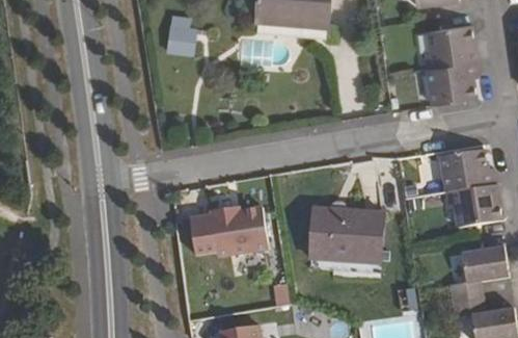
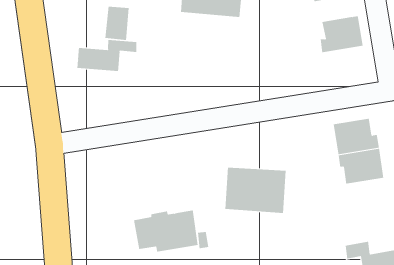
building: none -> [77,39,137,72]
building: [426,60,479,105] -> none
building: [189,206,268,257] -> [133,210,199,252]
building: [451,245,509,302] -> none

